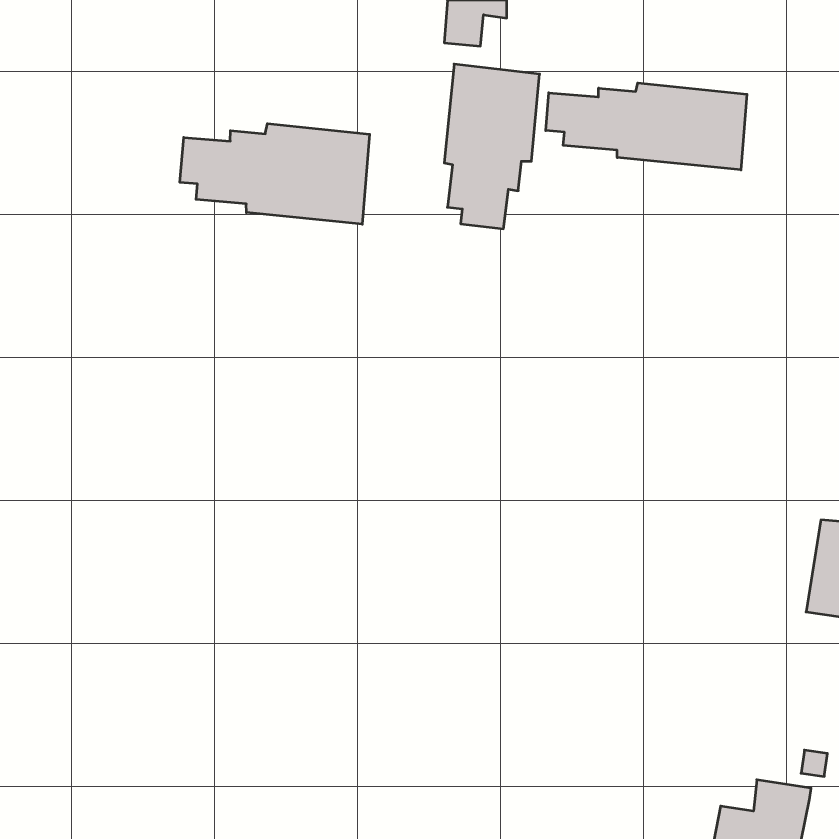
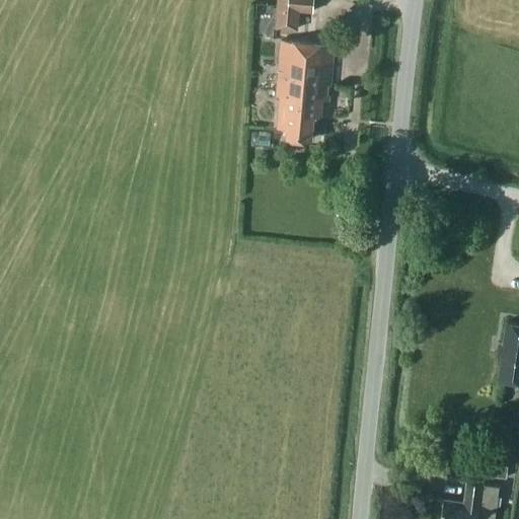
building: [546,83,747,170] -> none
building: [180,124,370,224] -> none

